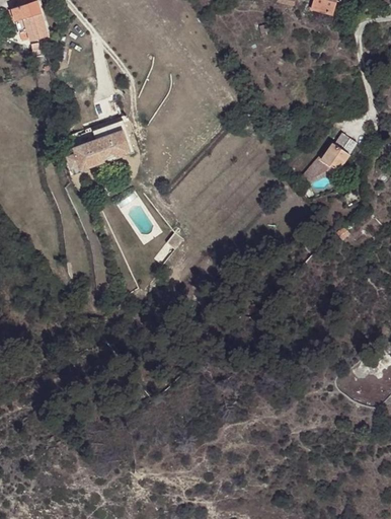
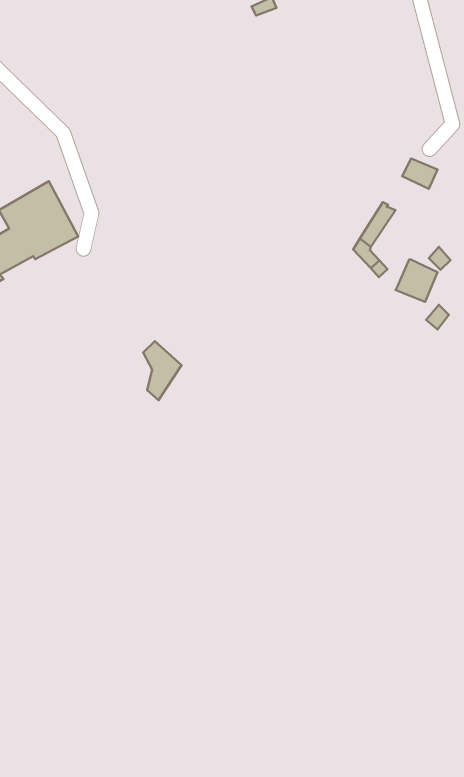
building: [323,144,350,171] -> [395,259,437,302]

